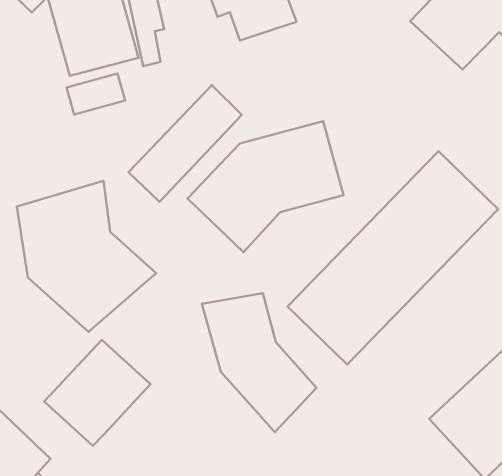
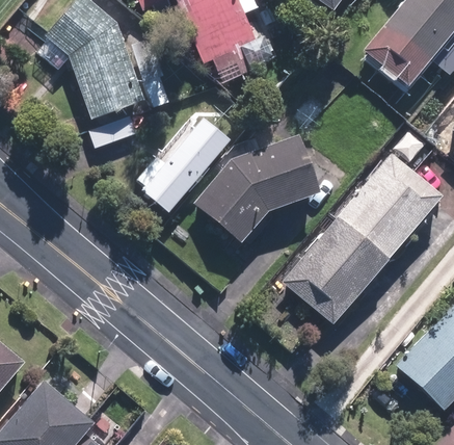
building: [17,181,156,332] -> none
building: [202,293,317,432] -> none
building: [44,340,151,446] -> none

